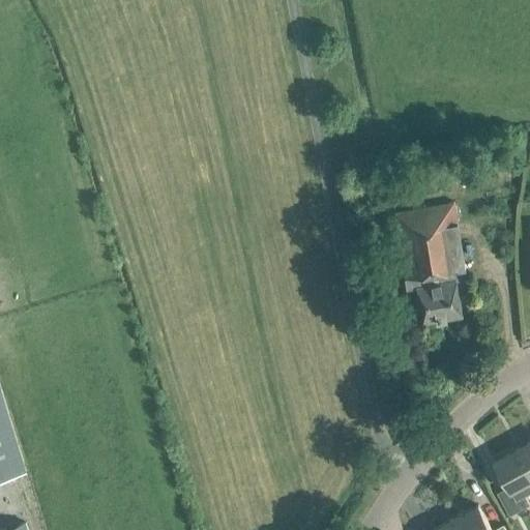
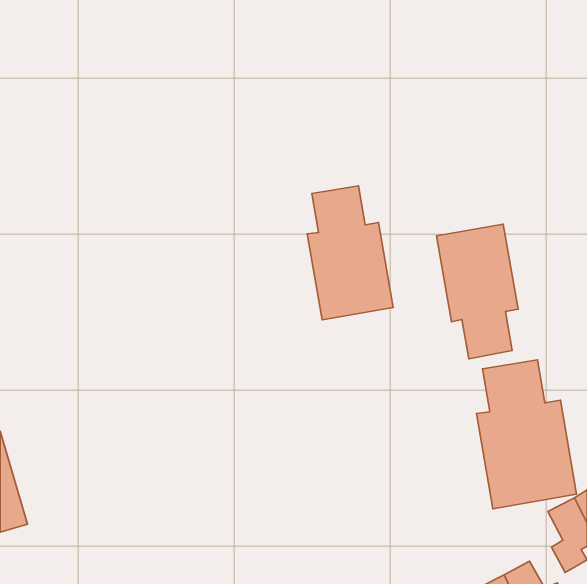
building: none -> [307,186,393,320]
building: none -> [477,360,577,509]

